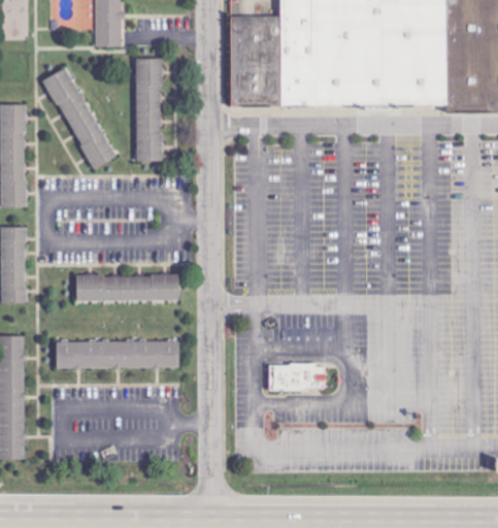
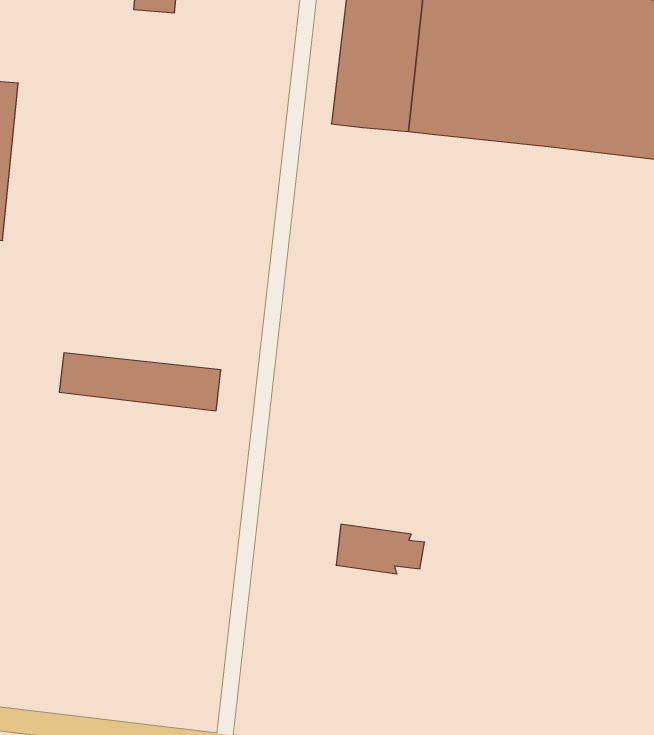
building: [134,57,163,161] -> none
building: [40,66,115,170] -> none
building: [57,341,178,368] -> none

